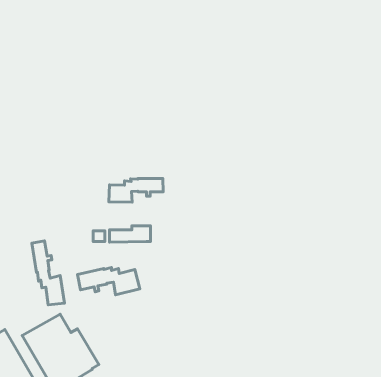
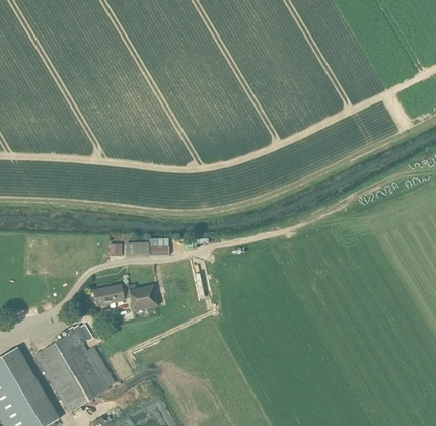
building: [109,178,163,202] -> none
building: [32,241,64,305] -> none

